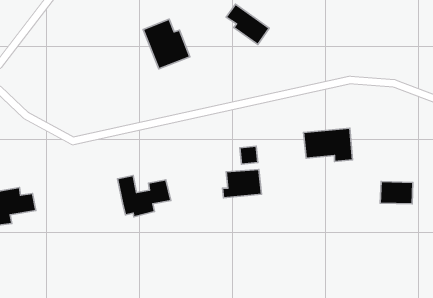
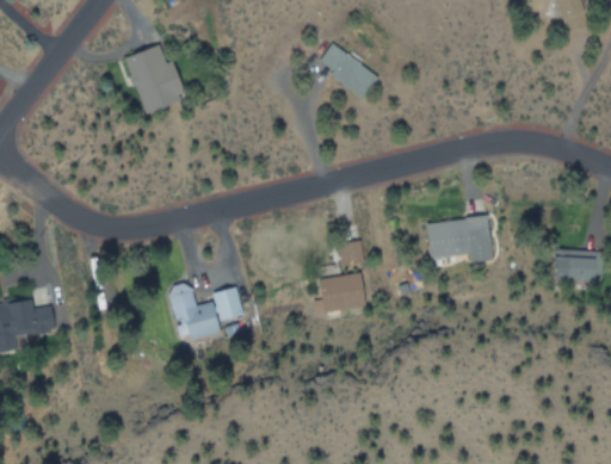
building: [143,19,190,69] -> [124,45,189,115]
building: [380,182,413,204] -> [555,250,600,282]

